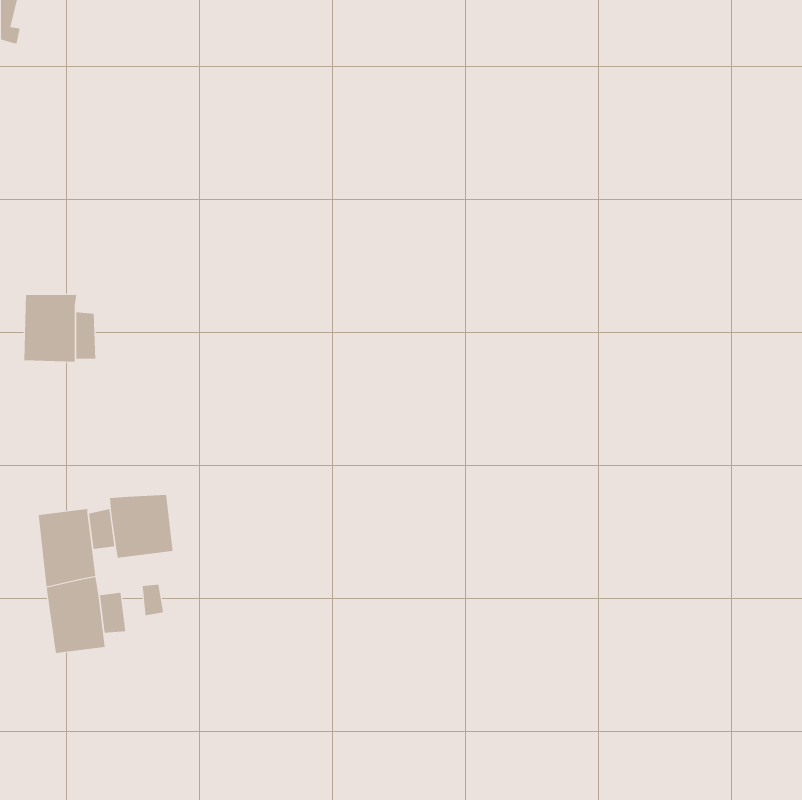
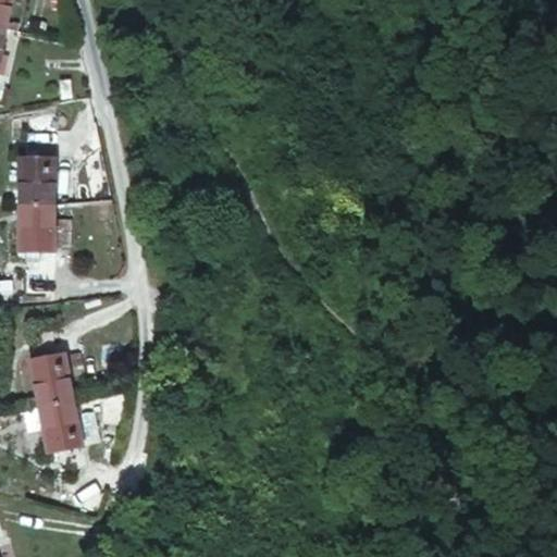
building: none -> [20,154,55,203]
building: [110,494,173,559] -> none

